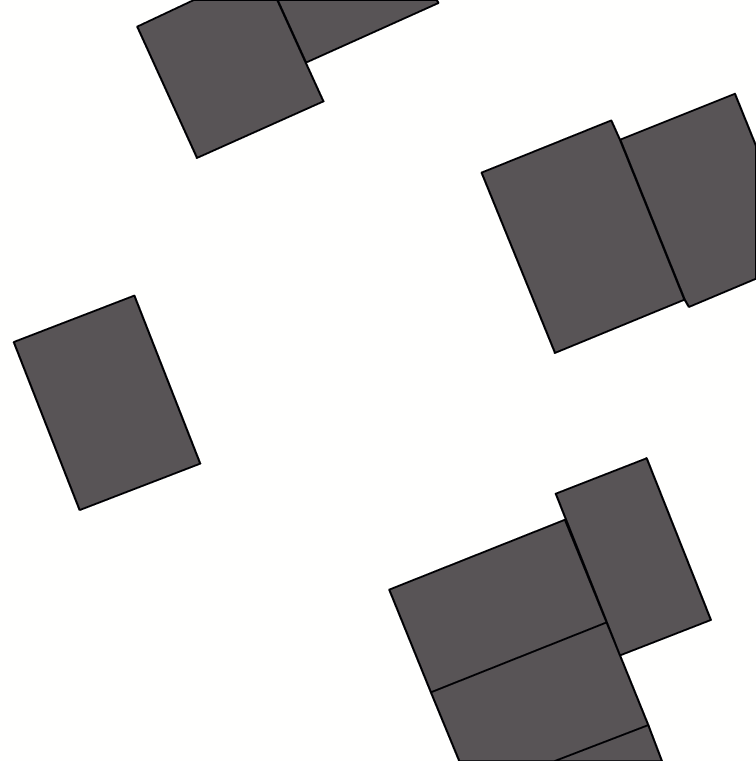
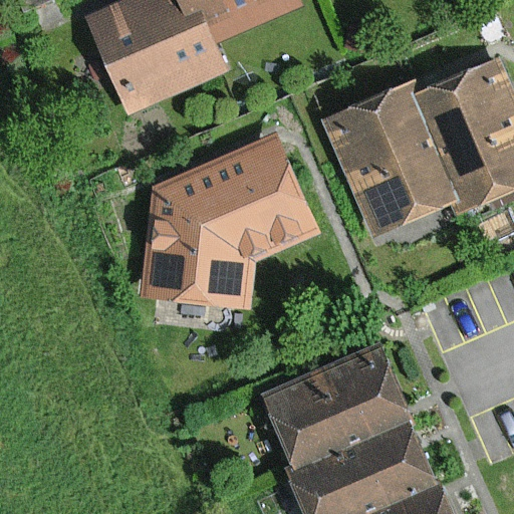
building: none -> [142,141,311,303]
building: [14,296,200,510] -> none
building: [556,458,711,655] -> none

